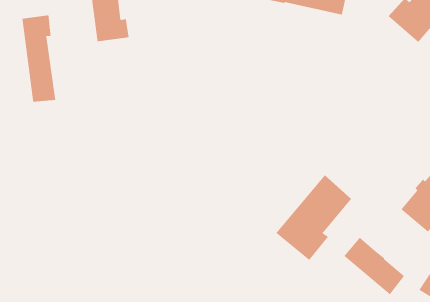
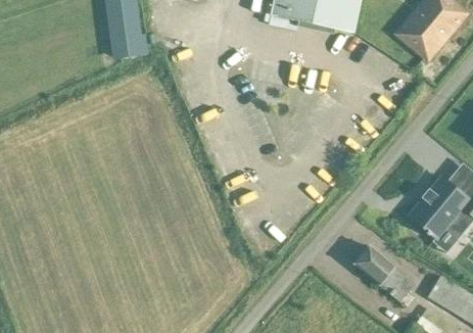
building: [22,15,56,103] -> none
building: [275,174,352,261] -> none

